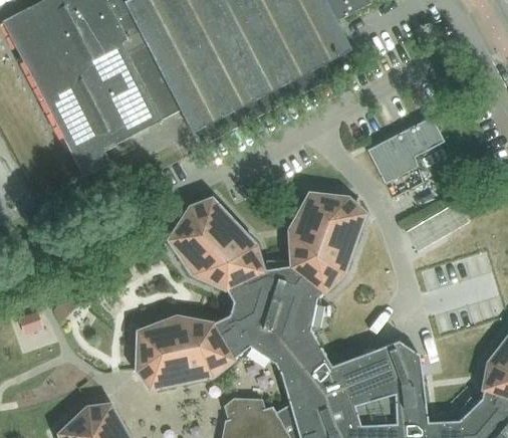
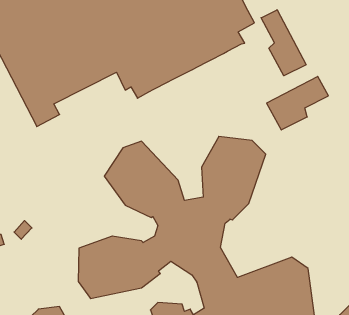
building: none -> [261,10,306,76]

